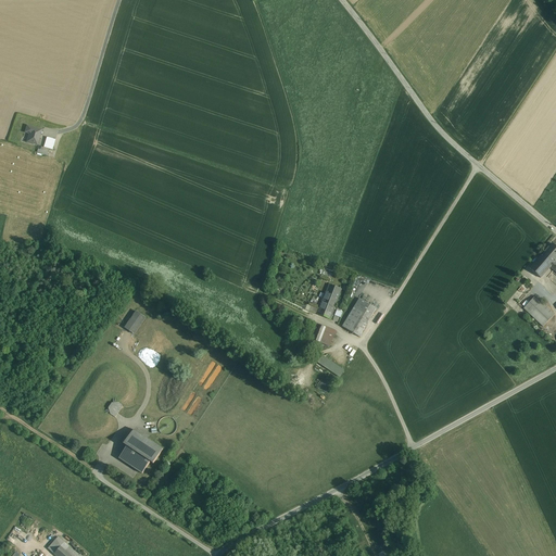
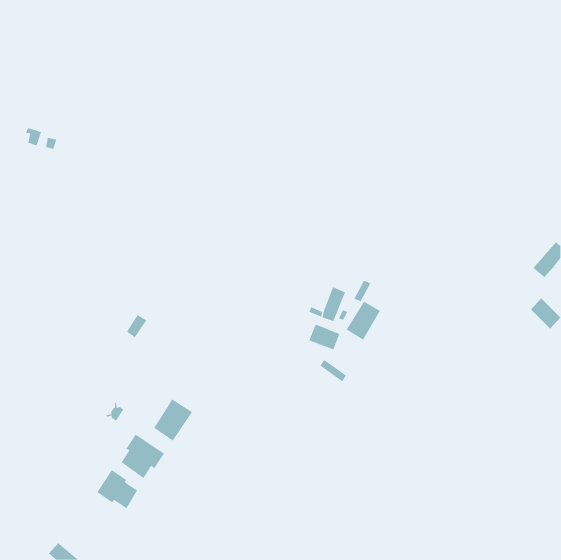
building: none -> [153,399,193,442]
building: none -> [96,469,138,509]

